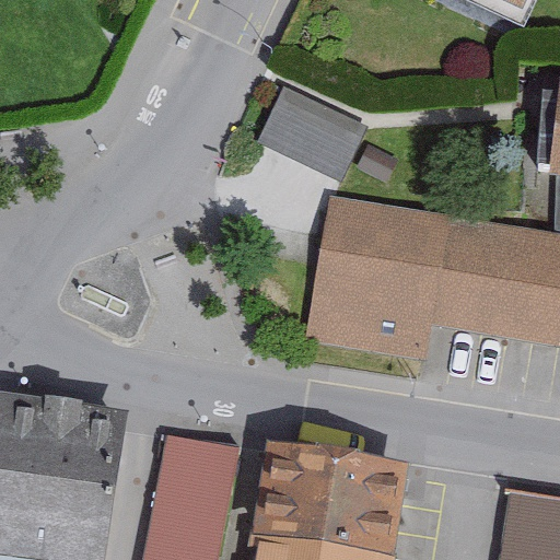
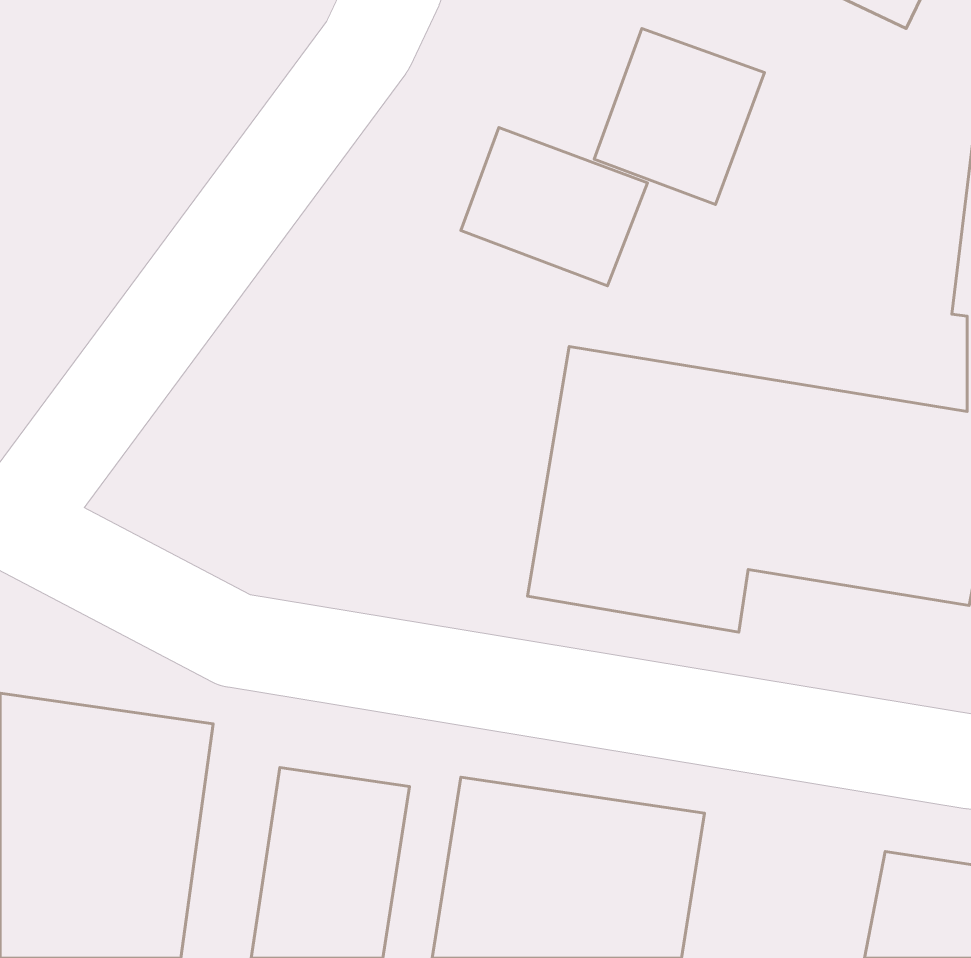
building: none -> [594,29,764,204]

